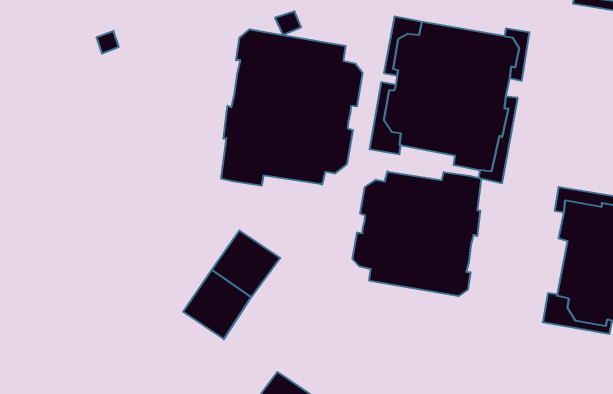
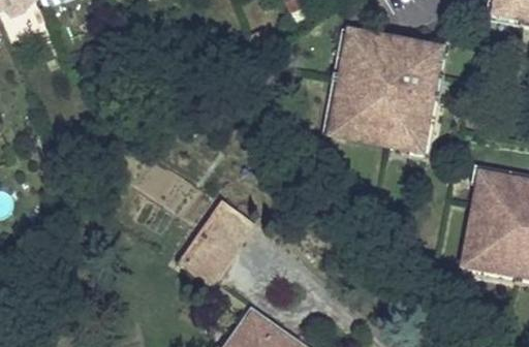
building: [221,29,363,186] -> none
building: [353,171,481,296] -> none

